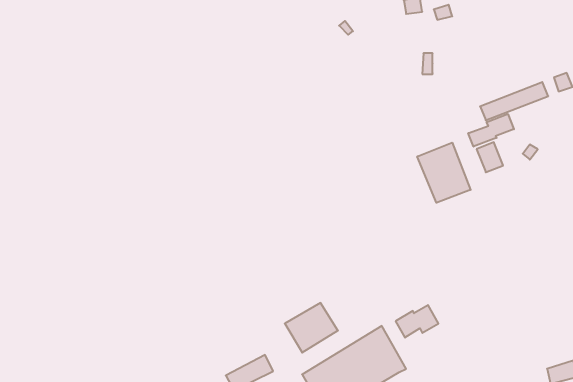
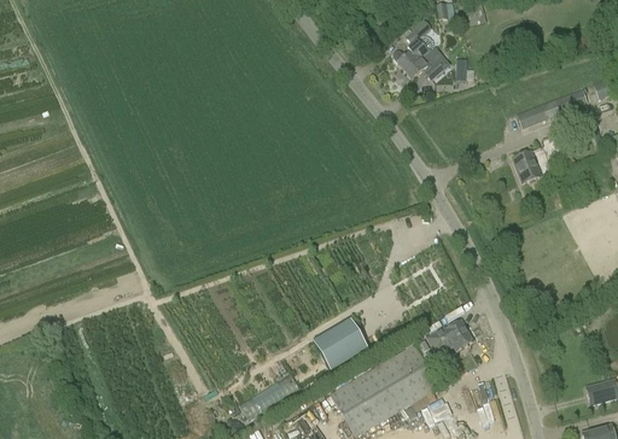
building: none -> [393,21,444,80]
building: [468,114,514,147] -> none
building: [417,143,471,203] -> none

